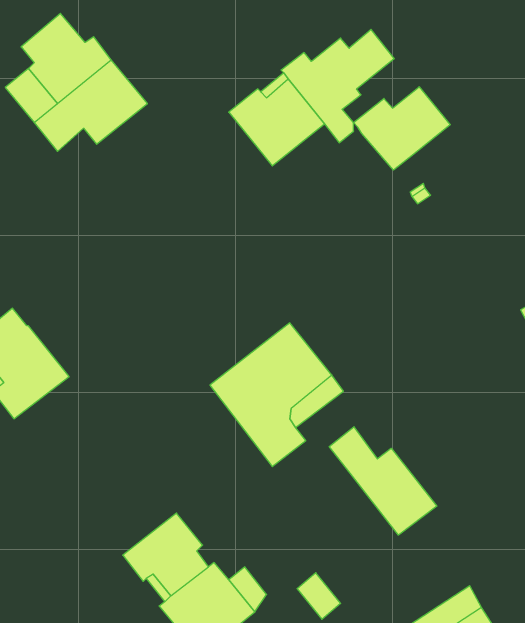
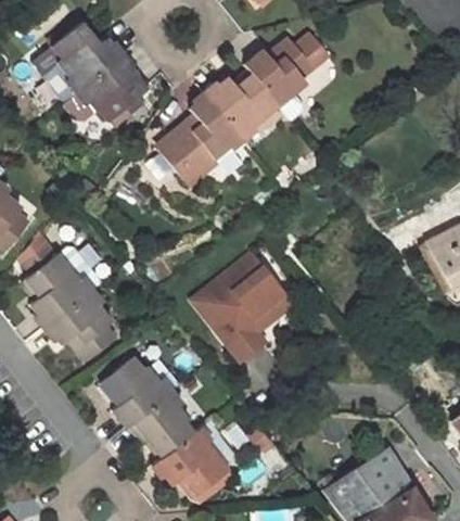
building: [354,87,450,170] -> none
building: none -> [159,96,240,183]
building: none -> [47,293,115,359]
building: [329,427,437,535] -> none
building: none -> [102,358,168,428]

